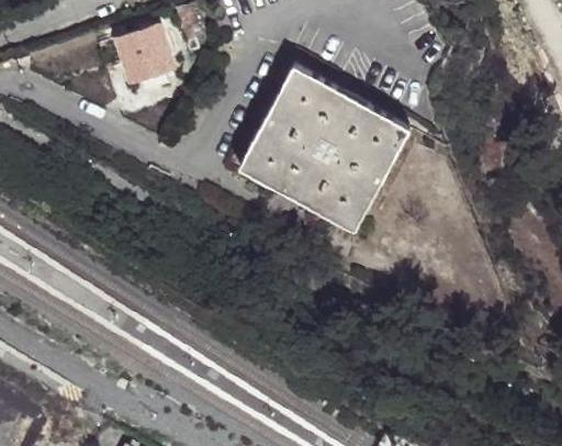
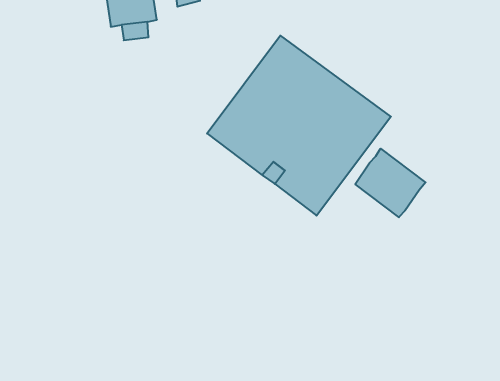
building: none -> [355,149,426,217]

